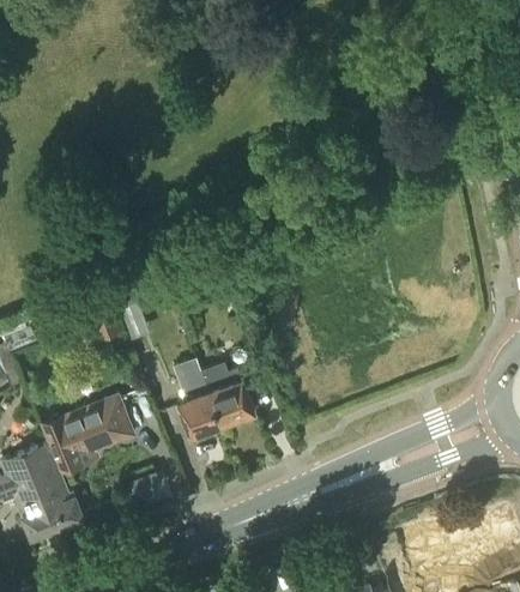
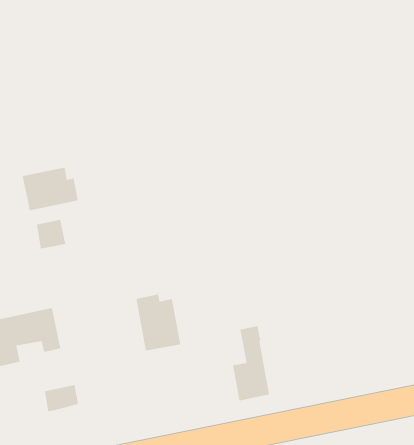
building: none -> [22,167,79,211]
building: [177,361,220,440] -> [232,326,270,401]

